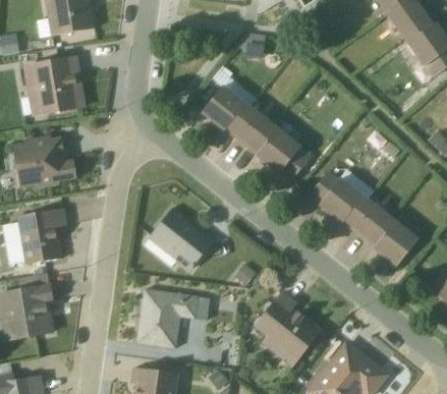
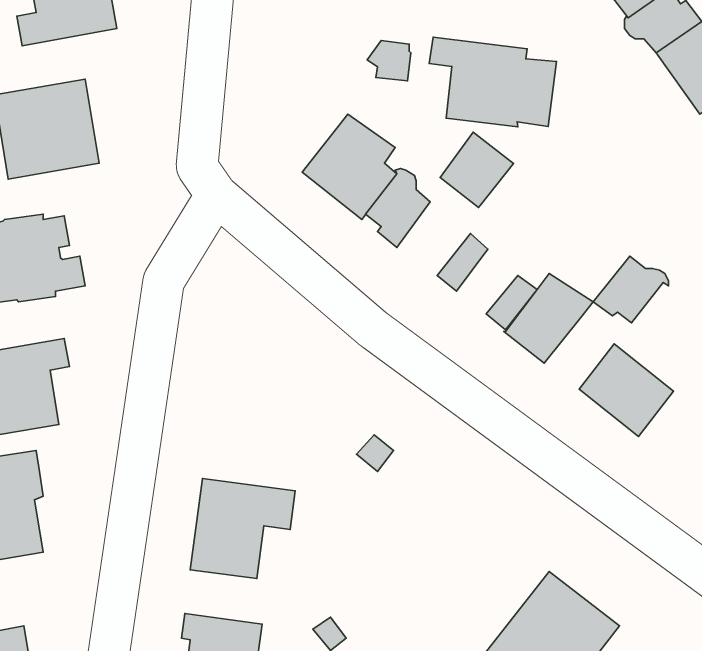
building: none -> [429,37,557,127]
building: [258,128,300,172] -> [440,132,514,207]
building: [343,195,387,234] -> [593,256,668,323]
building: [144,207,214,271] -> none
building: [256,293,320,365] -> none

